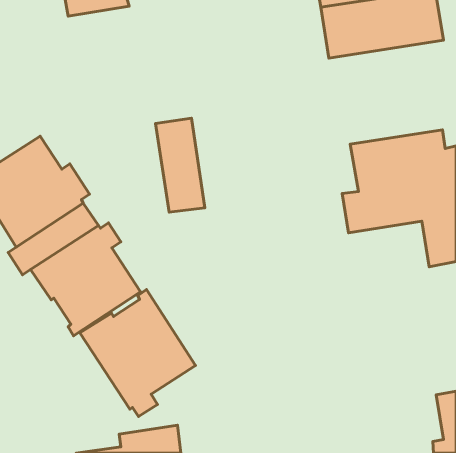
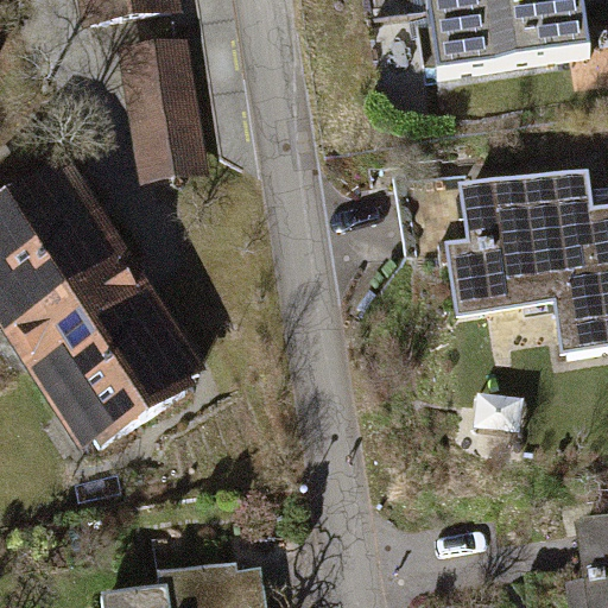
building: [156,118,205,212] -> [131,50,196,175]
building: [80,290,196,417] -> none

